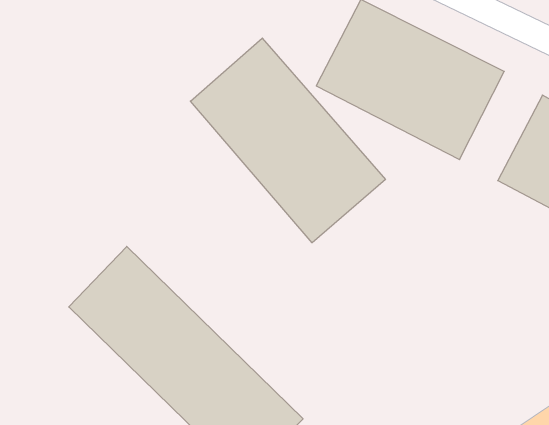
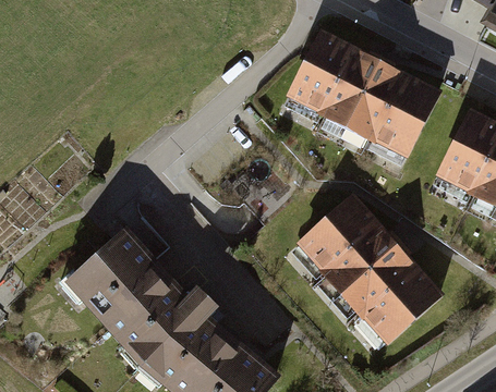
building: [190,38,385,243] -> none
building: none -> [293,199,439,350]

